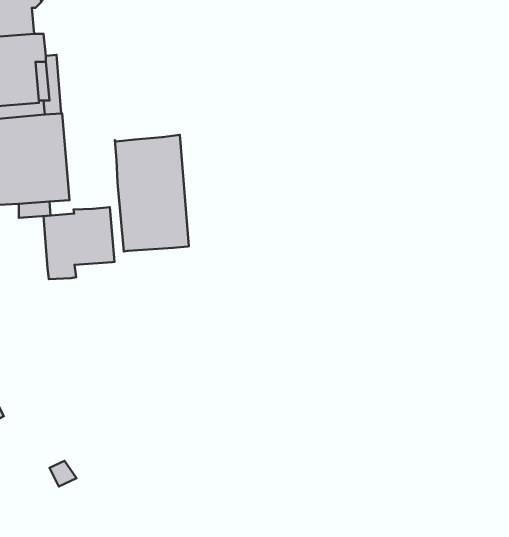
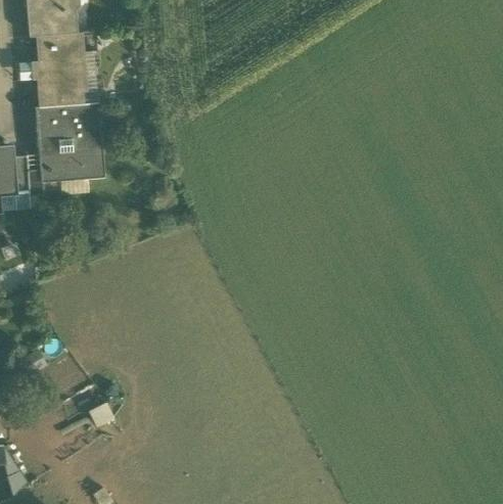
building: [115,135,189,252] -> none
building: [43,207,114,279] -> none

